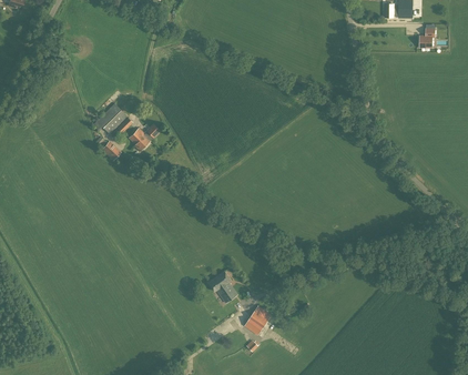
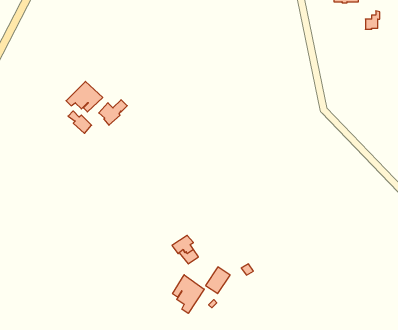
building: none -> [173,275,204,313]

